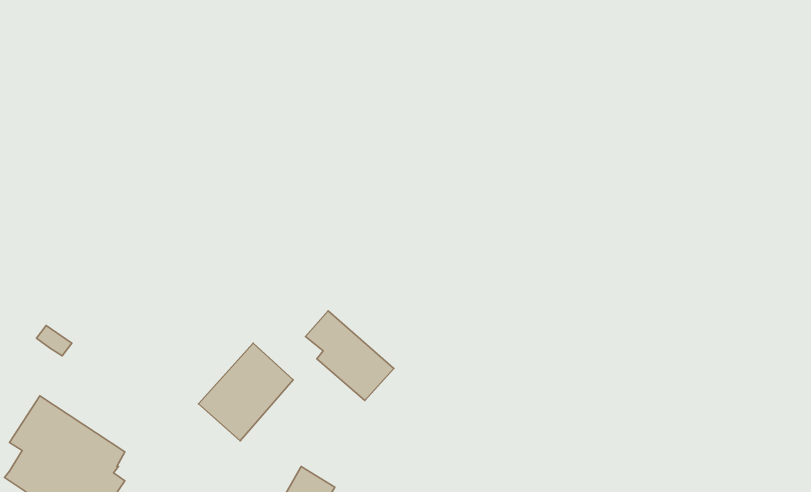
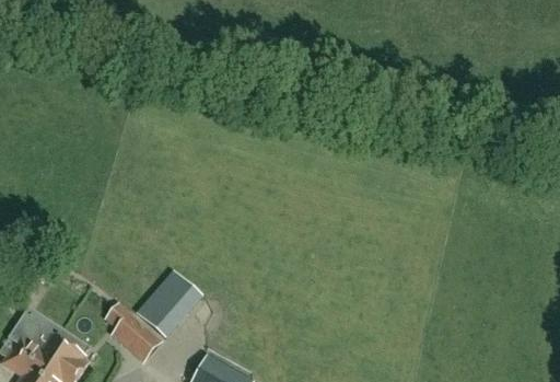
building: [306,311,394,401] -> [104,302,164,363]

